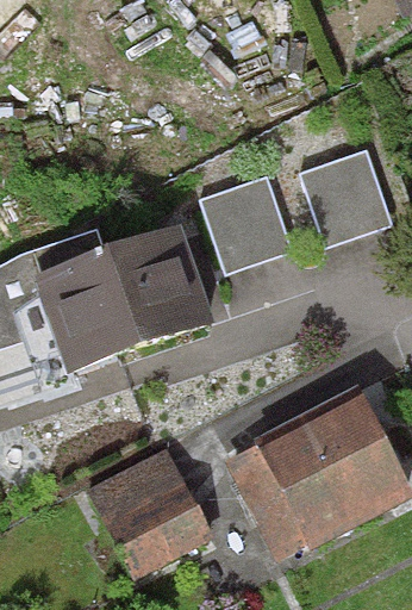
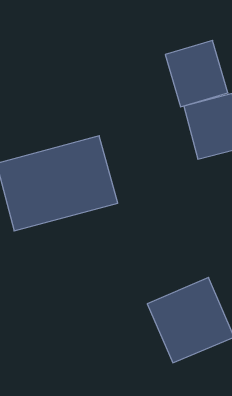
building: [198,175,292,274] -> [165,40,228,107]
building: [87,446,213,578] -> none

